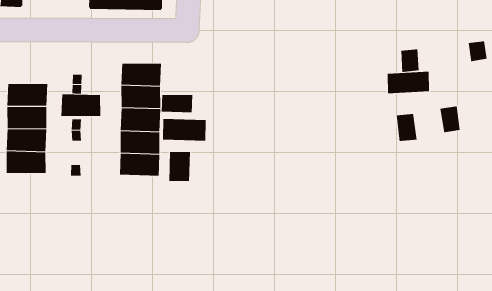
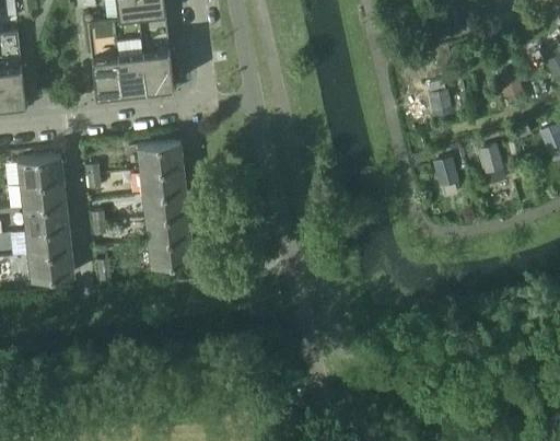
building: [387,71,430,94] -> none
building: [61,94,101,117] -> [18,155,62,184]
building: [161,94,193,113] -> none
building: [163,118,206,142] -> none
building: [169,151,190,182] -> none

